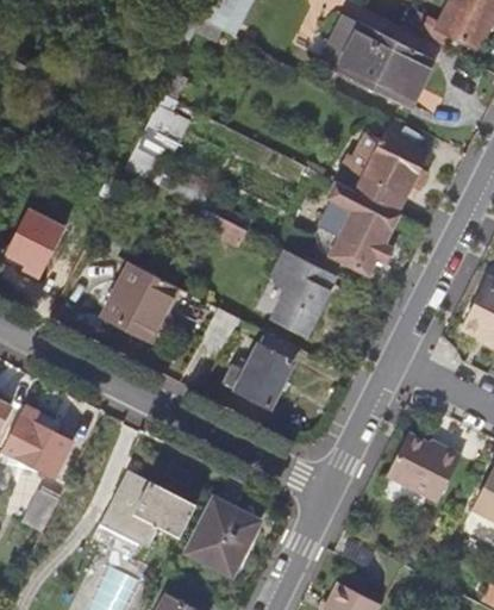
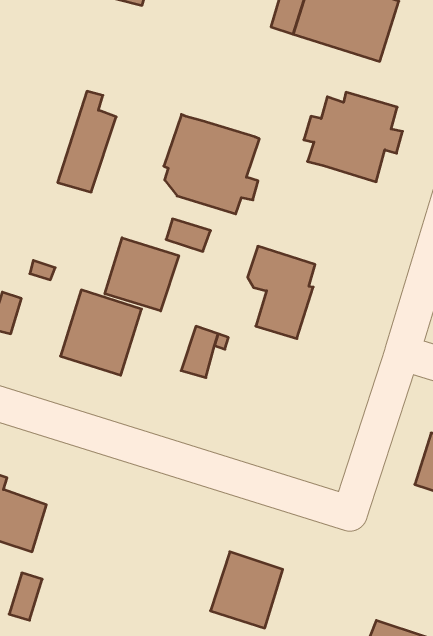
building: [313,180,400,273] -> [164,114,259,214]
building: none -> [105,238,179,311]
building: [225,330,298,405] -> none
building: [110,478,198,549] -> none

